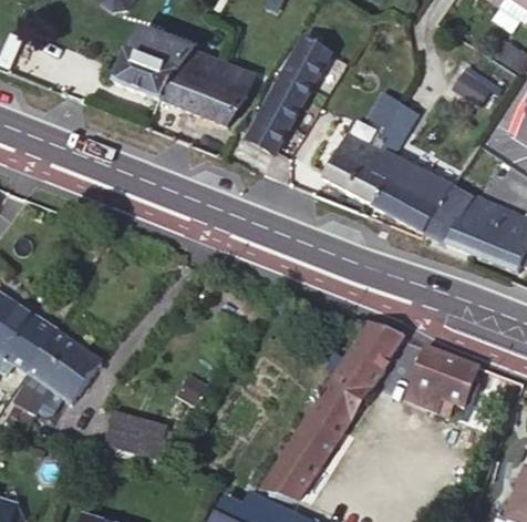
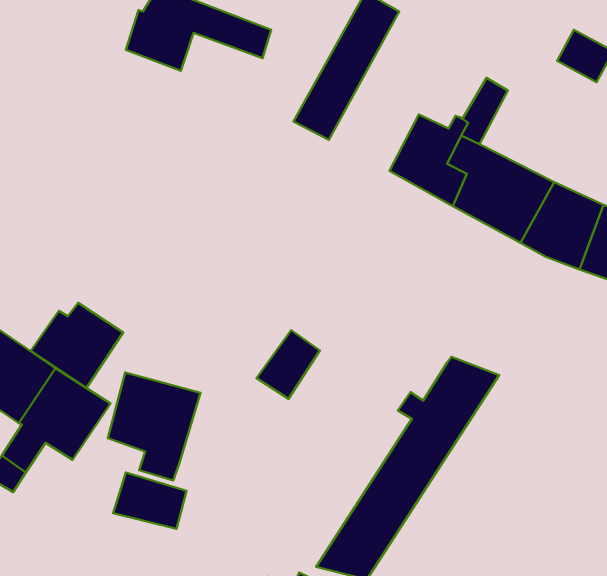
building: [157,64,254,123] -> none
building: none -> [31,303,123,388]
building: none -> [256,330,320,399]
building: none -> [108,373,201,481]
building: [405,342,480,413] -> none

